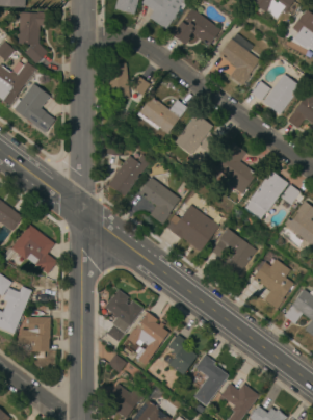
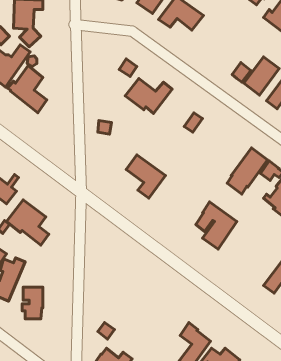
building: [219,40,260,85] -> none
building: [106,64,130,101] -> none
building: [175,114,212,155] -> none
building: [216,145,257,193] -> none
building: [109,156,149,195] -> none
building: [165,204,218,251] -> none
building: [255,260,293,308] -> none
building: [106,291,141,341] -> none
building: [127,311,168,364] -> none
building: [169,335,197,374] -> none

